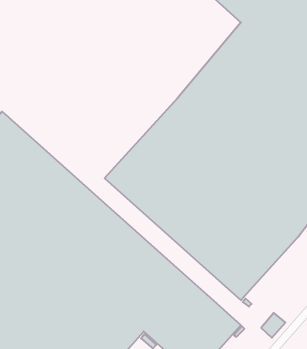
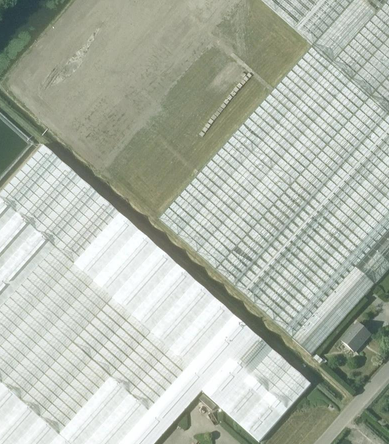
building: [261,313,285,338] -> [343,323,370,351]

